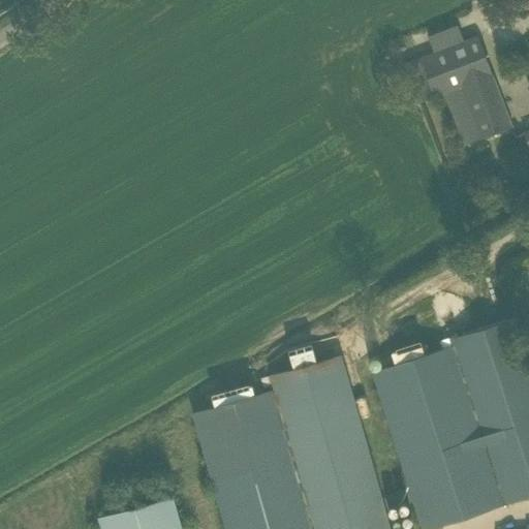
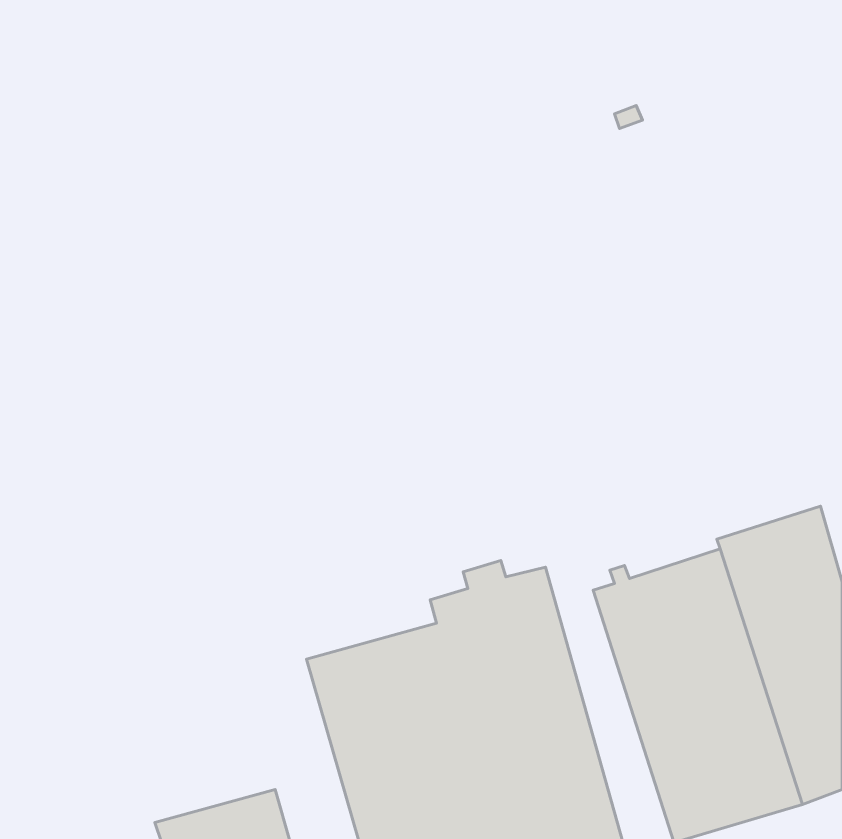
building: [403,26,512,148] -> none

